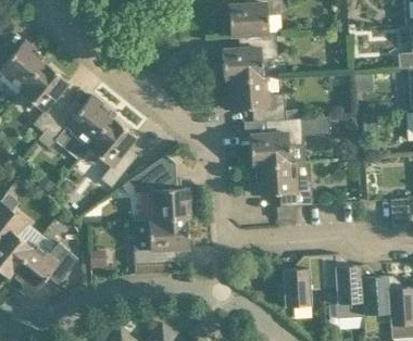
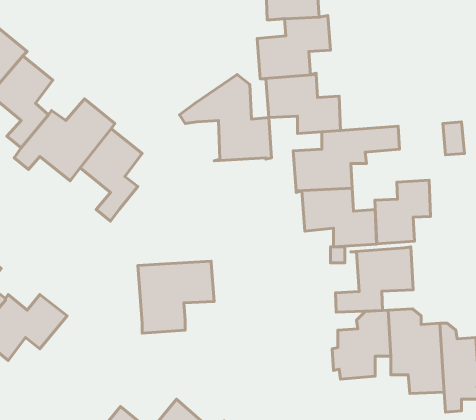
building: [123,155,192,220] -> [180,75,272,161]
building: none -> [375,180,431,244]
building: none -> [336,247,413,312]

